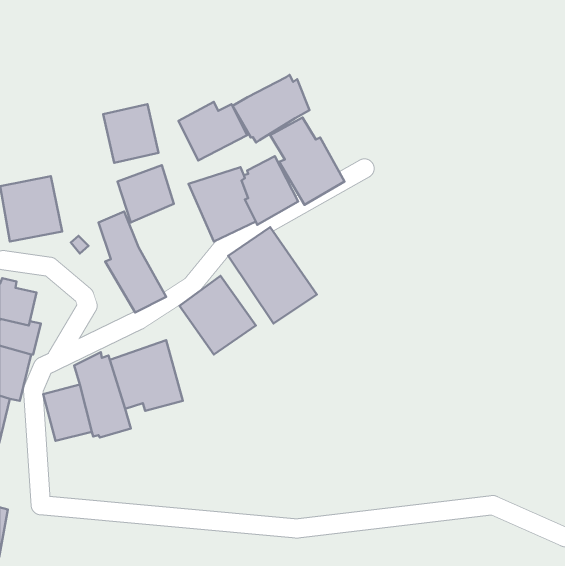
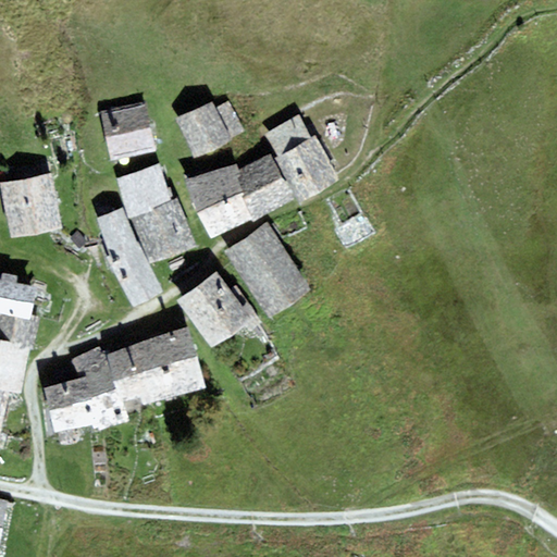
building: [232,75,310,142] -> none
building: none -> [131,198,196,263]
building: none -> [163,327,205,394]

